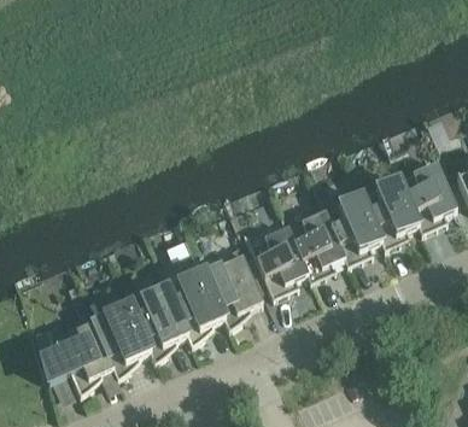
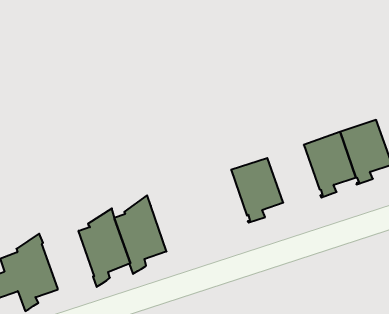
building: [323,193,381,263] -> none
building: [248,226,306,296] -> none
building: [204,244,262,327] -> none
building: [92,292,150,376] -> none

